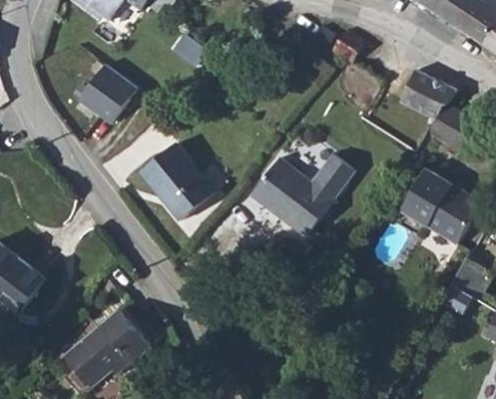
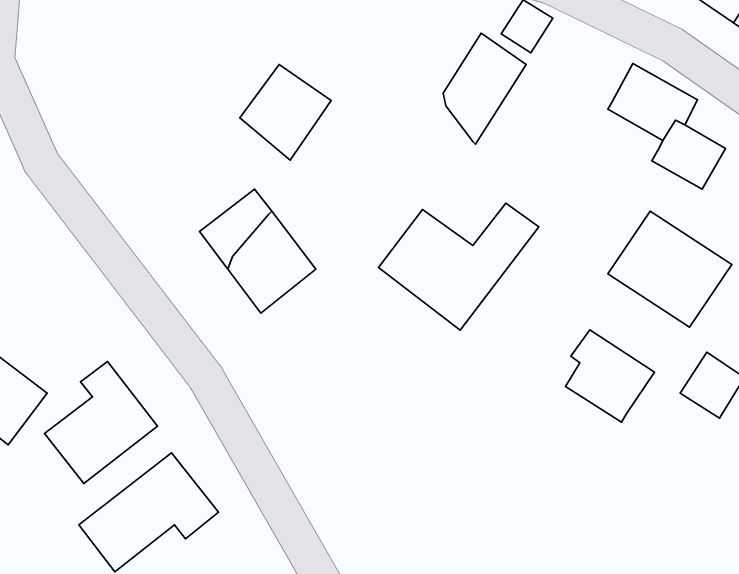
building: none -> [443,33,526,144]
building: [74,67,132,128] -> [240,64,331,160]
building: none -> [565,330,655,422]
building: none -> [44,362,158,484]

